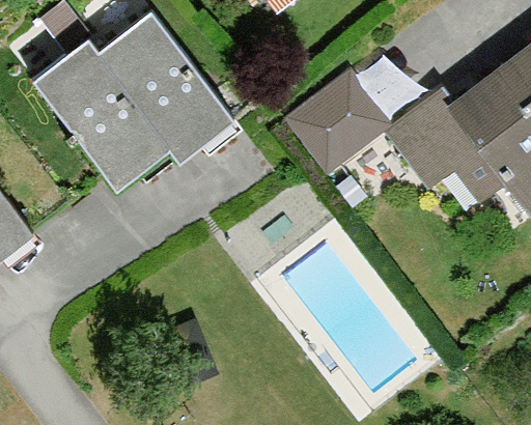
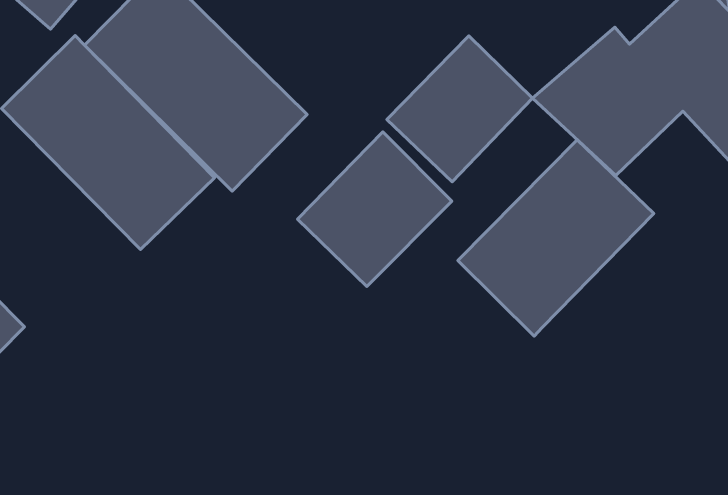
building: none -> [298,132,452,287]
building: none -> [458,140,654,336]

